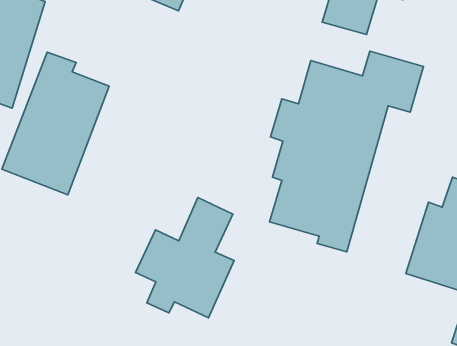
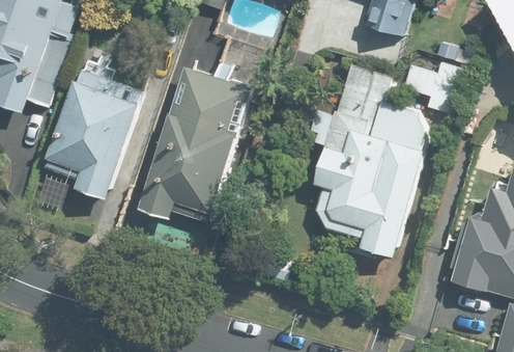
building: none -> [139,64,257,222]
building: [136,198,234,318] -> none

